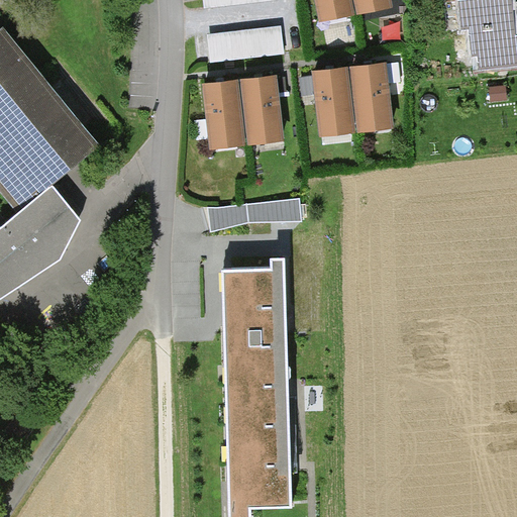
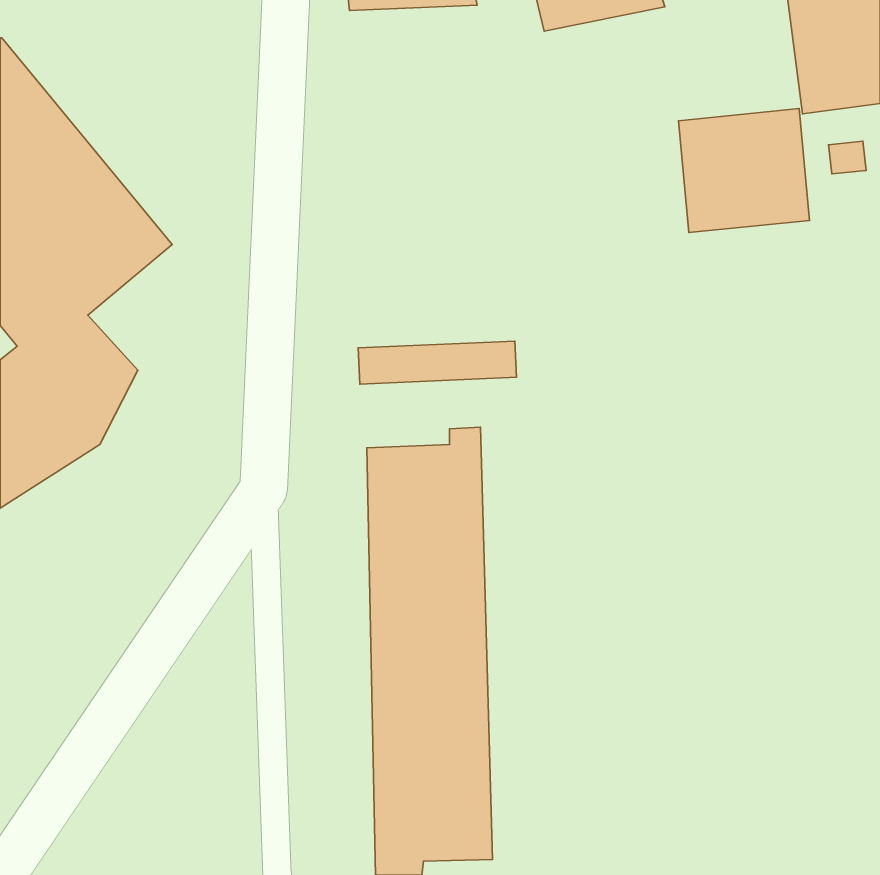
building: [207,24,287,65] -> none
building: [316,65,393,137] -> [679,109,809,233]
building: [203,77,288,147] -> none

